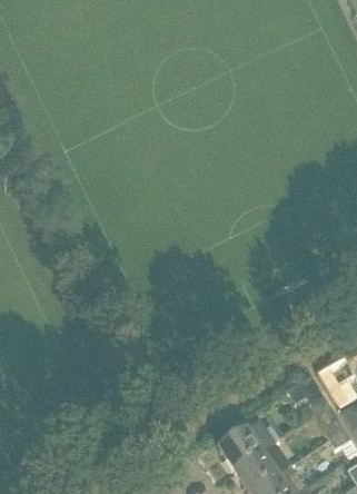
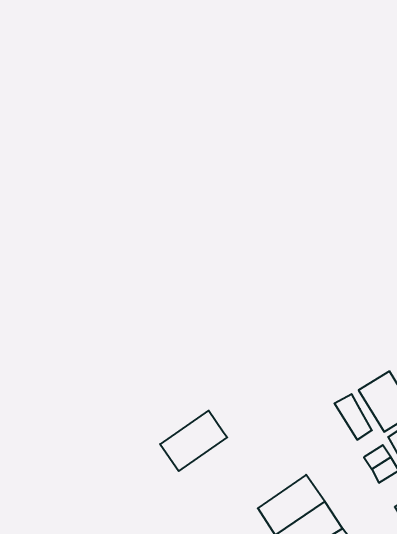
building: [221,422,277,472] -> [160,411,227,471]

